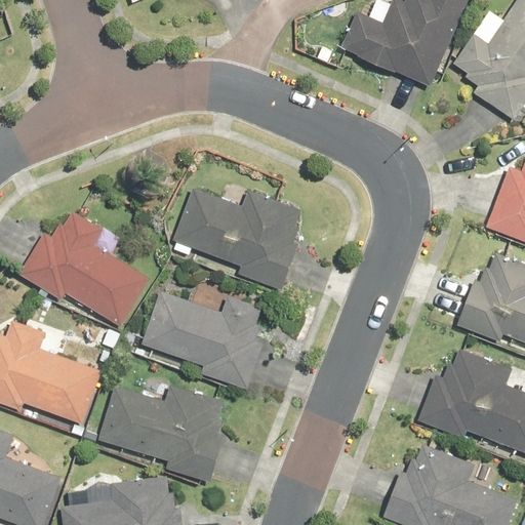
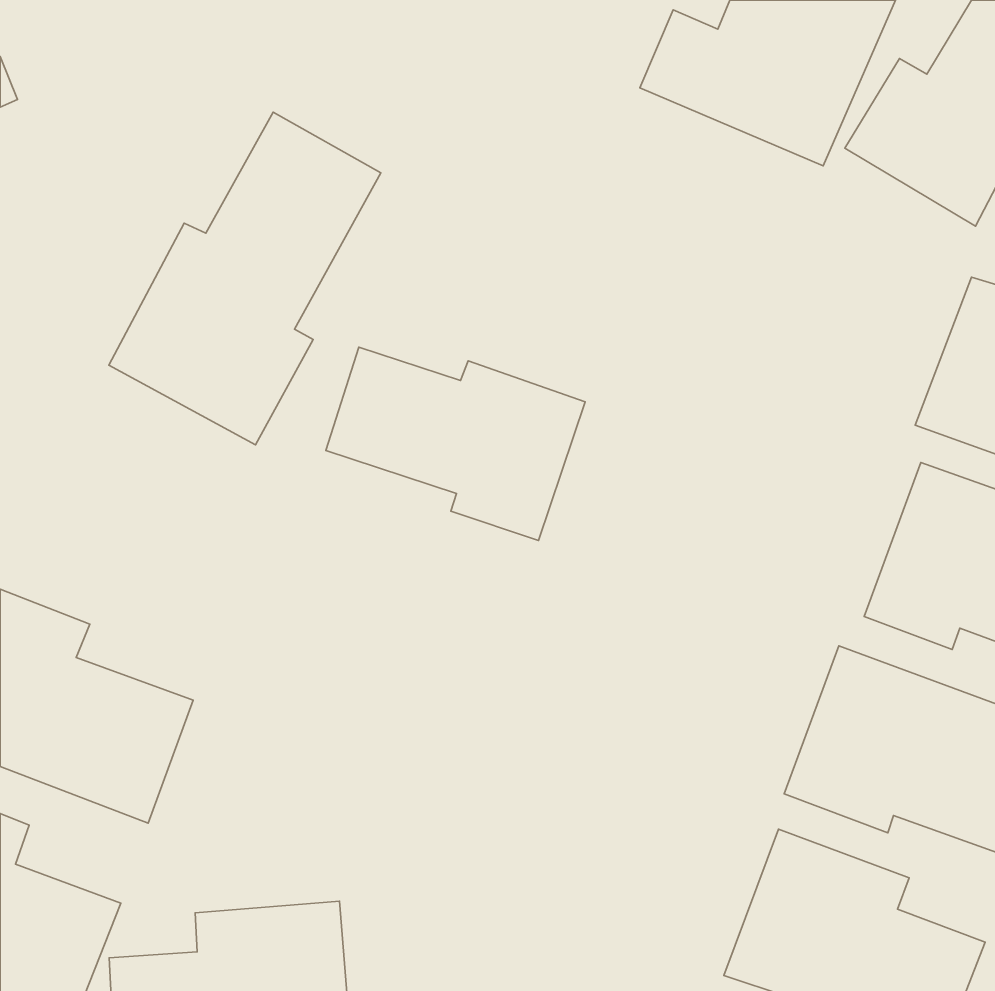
building: none -> [109,112,381,445]
building: [13,203,155,332] -> none
building: [137,291,275,392] -> none
building: [95,382,235,483] -> none

